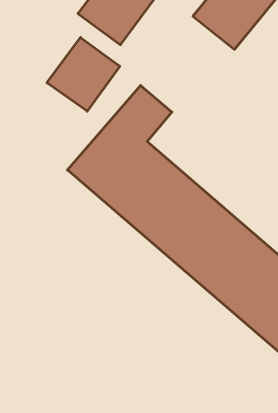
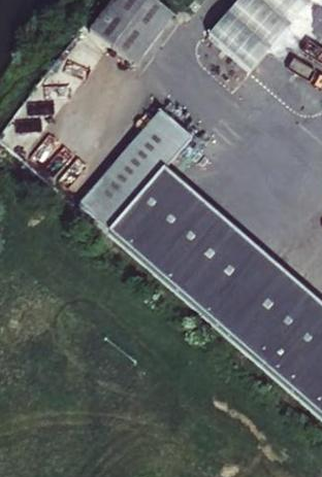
building: [47,37,120,111] -> none

